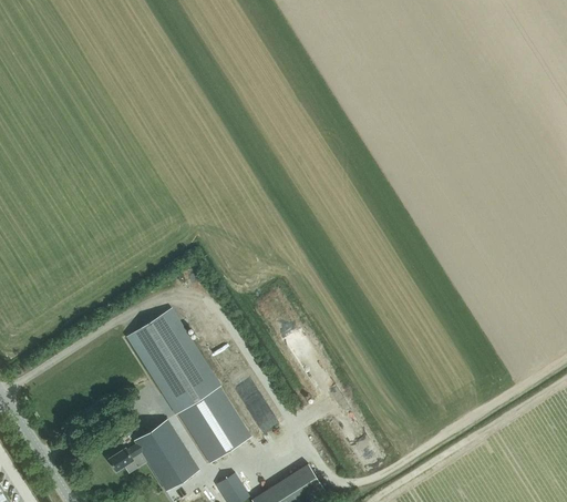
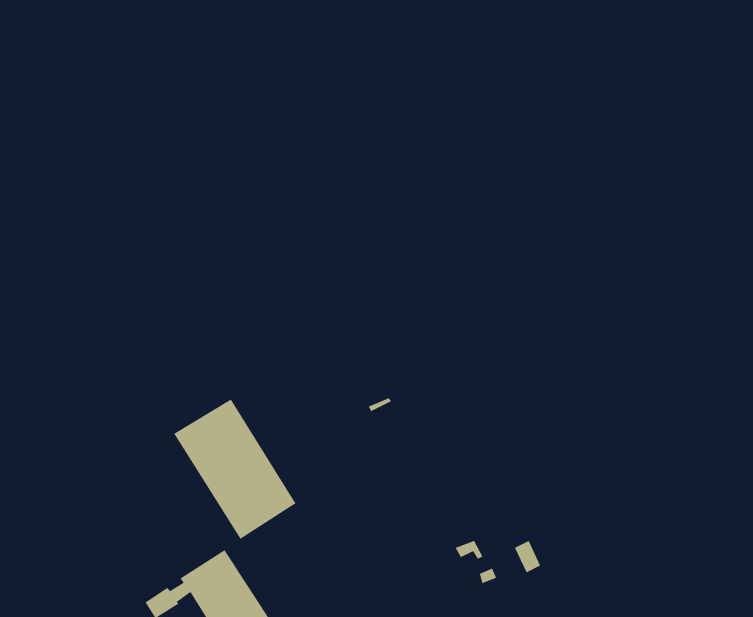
building: [177,387,250,463] -> none

